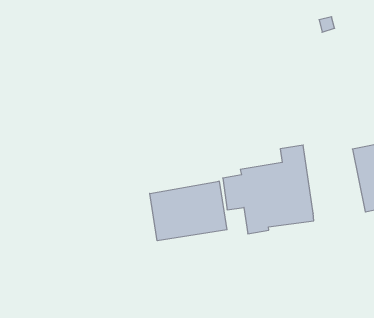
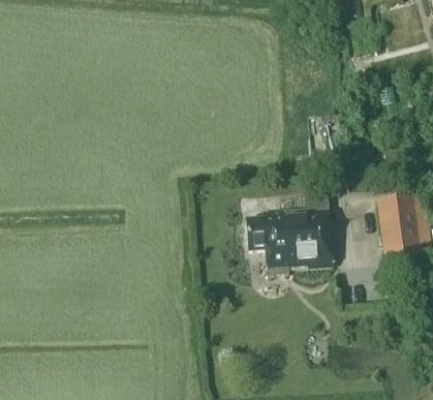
building: [150,181,227,241] -> none

